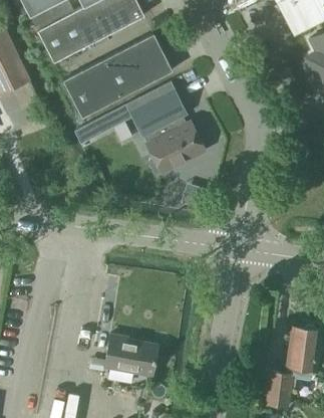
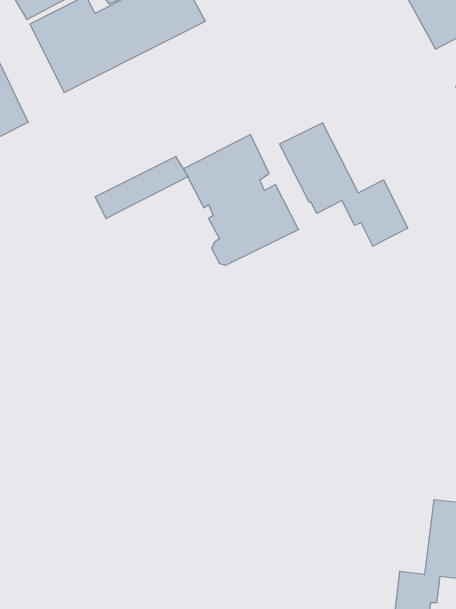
building: [62,33,173,118] -> none
building: none -> [280,123,408,246]
building: [104,335,158,374] -> none

